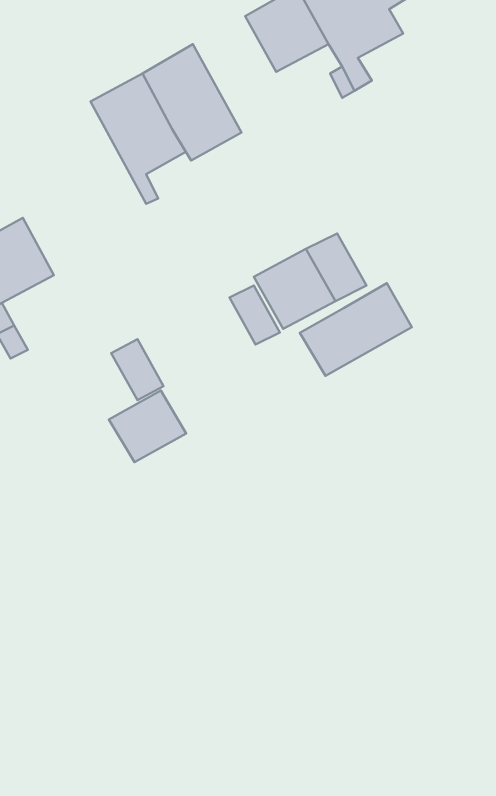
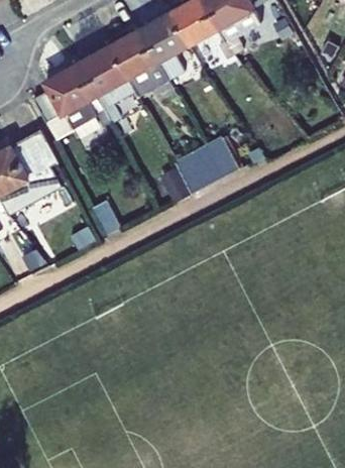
building: none -> [139,11,188,79]
building: none -> [32,61,112,139]
building: [300,283,412,376] -> none
building: [109,391,186,462] -> none

